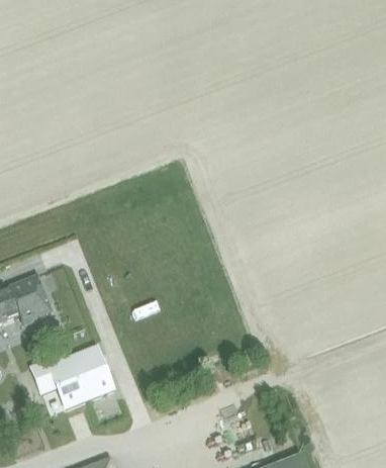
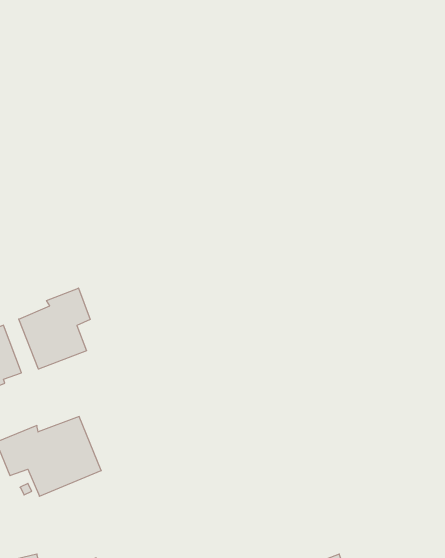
building: none -> [19,288,90,369]

